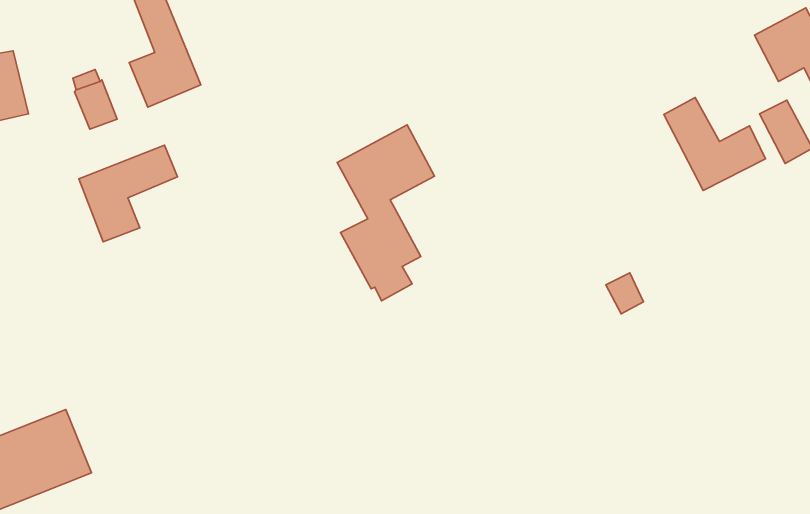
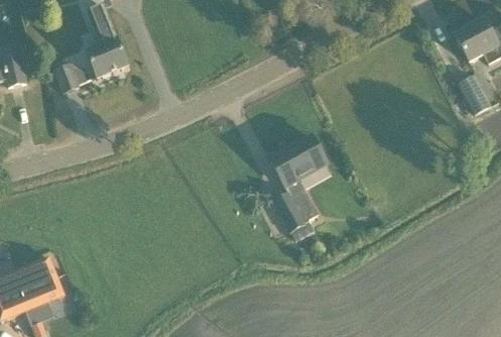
building: [664,98,766,191] -> none
building: [337,125,435,301] -> [269,134,327,238]
building: [79,145,178,242] -> none

